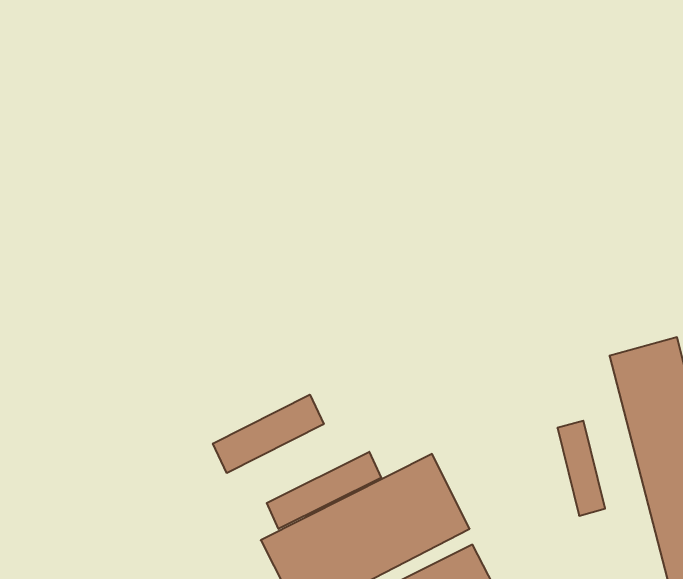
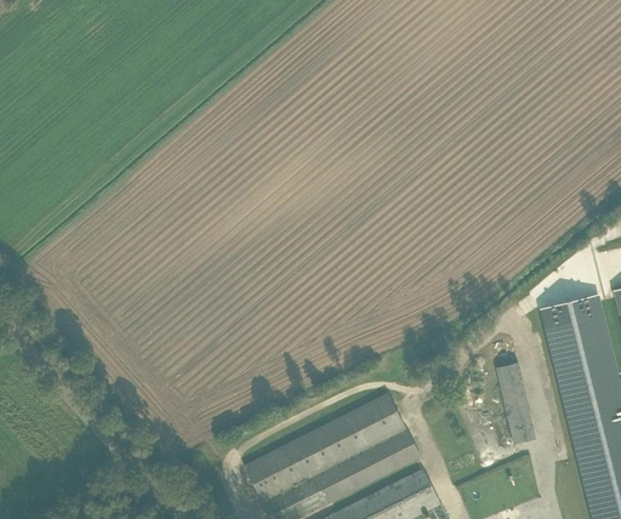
building: [213,395,324,473] -> none
building: [267,452,381,529] -> none

